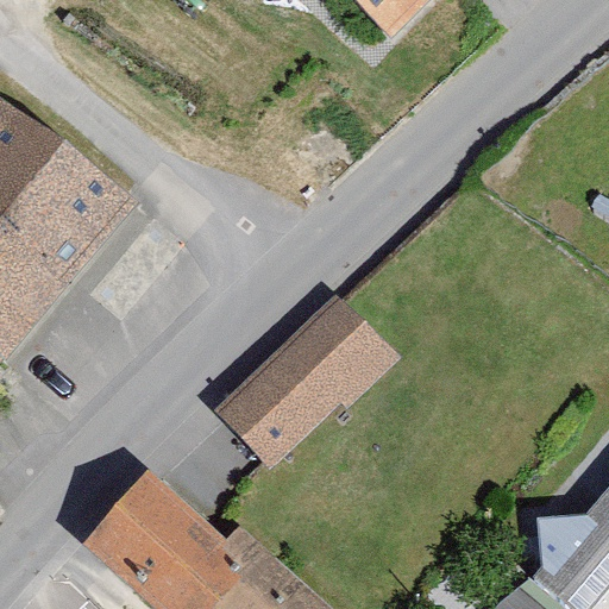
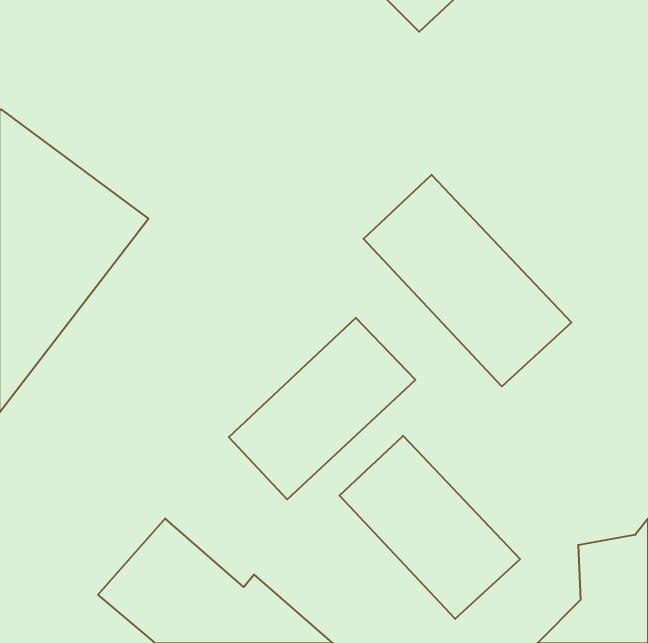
building: none -> [363,175,571,386]
building: none -> [339,436,520,619]

